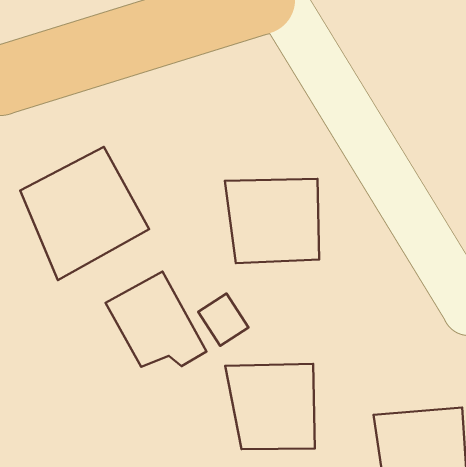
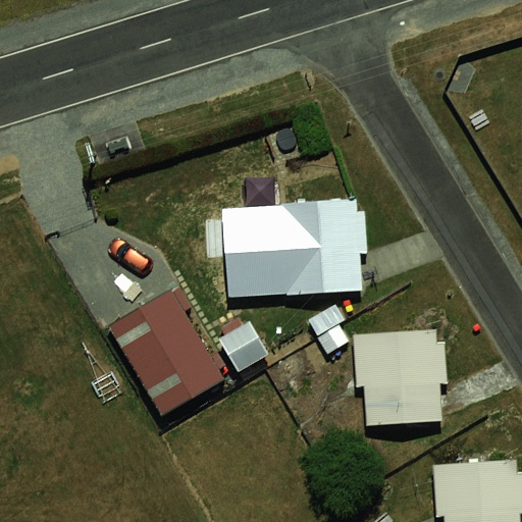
building: [20,147,149,280] -> none
building: [225,364,315,449] -> [344,331,443,426]

